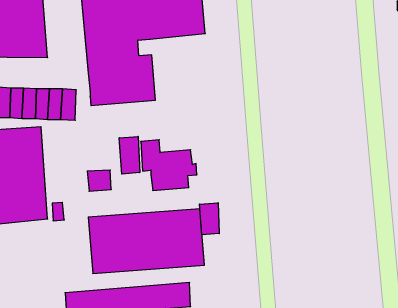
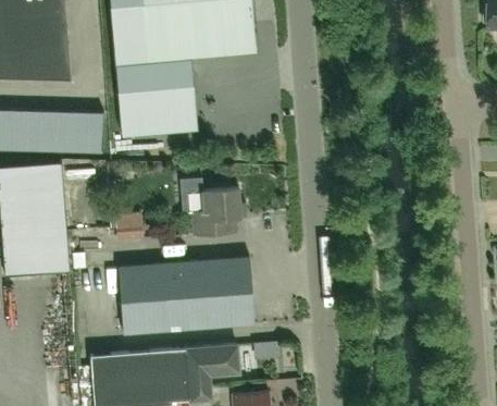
building: [119,136,140,174] -> none
building: [200,203,219,235] -> none

